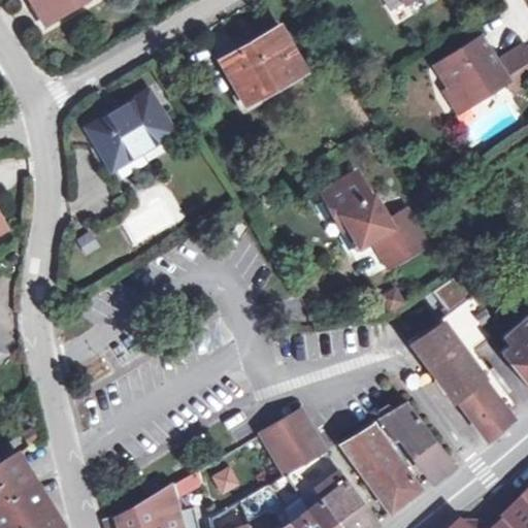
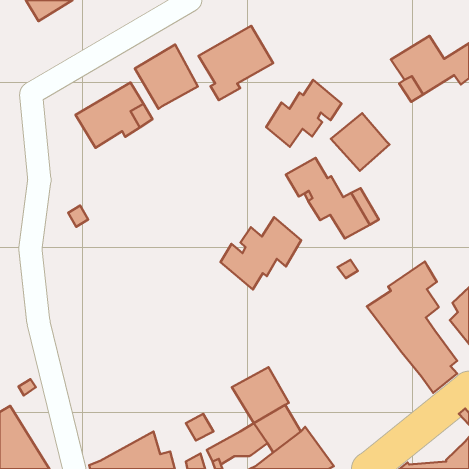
building: none -> [135,45,198,109]
building: none -> [266,80,341,147]
building: none -> [331,113,389,171]
building: none -> [221,217,301,290]
building: [376,403,452,483] -> none
building: [338,425,419,515] -> none

